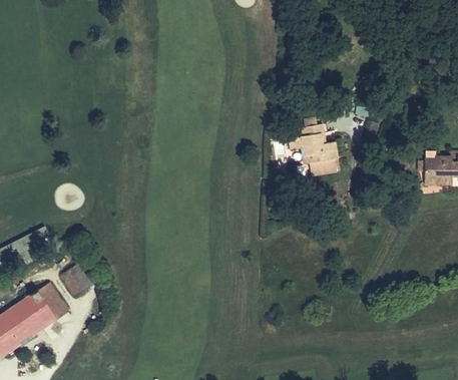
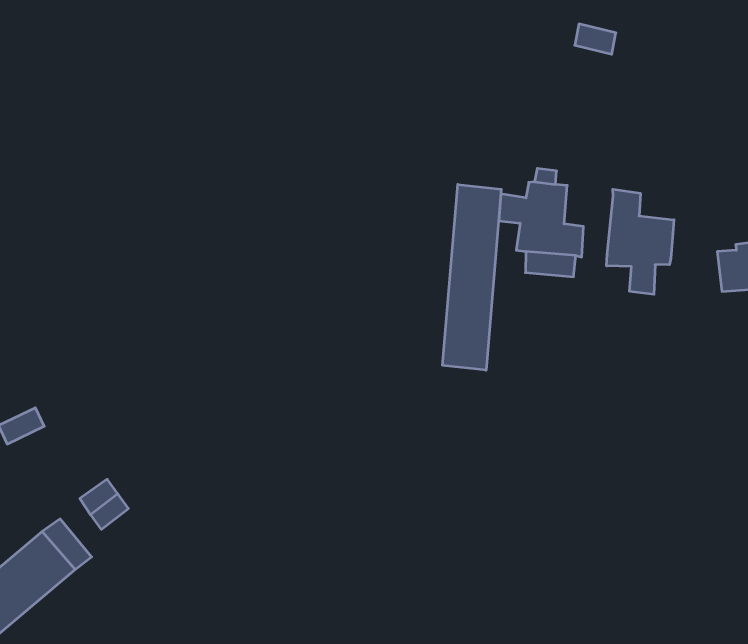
building: none -> [443,184,501,370]
building: none -> [607,189,674,294]

